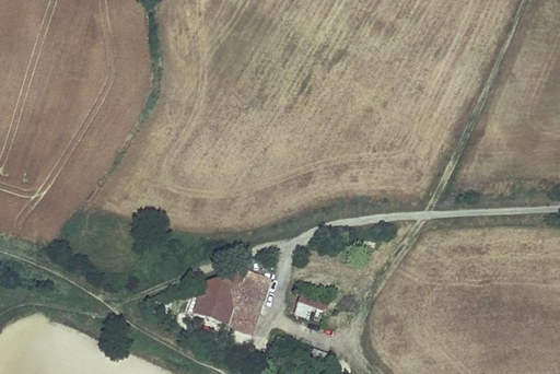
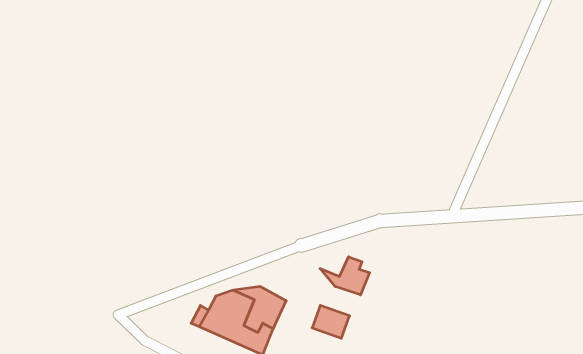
building: none -> [320,257,370,295]

